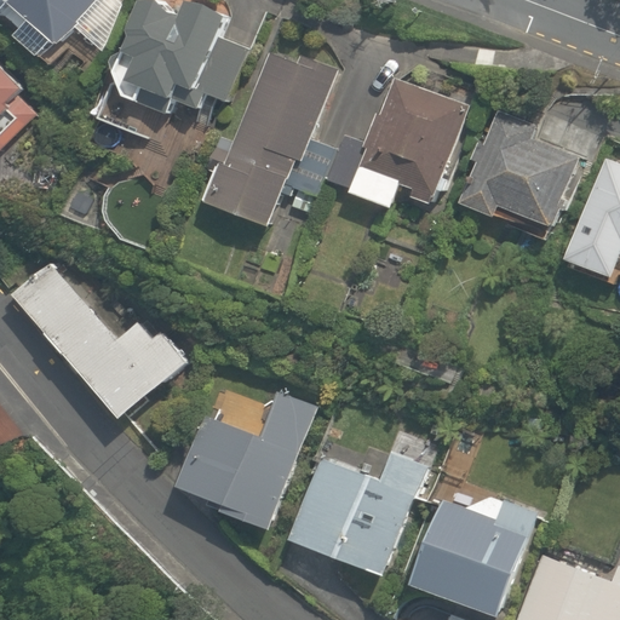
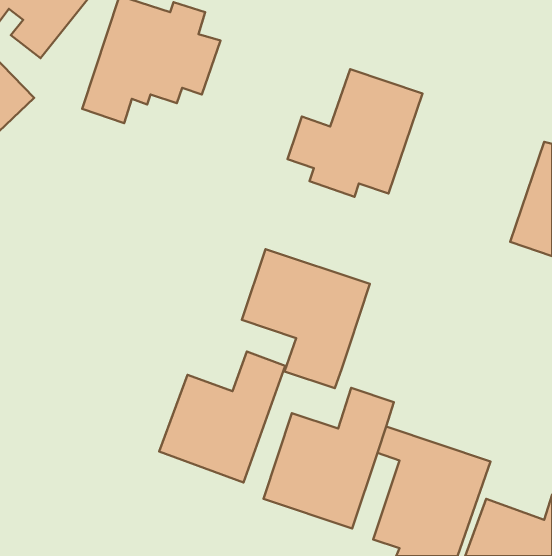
building: [206,40,331,231] -> none
building: [454,105,592,239] -> none
building: [10,257,194,425] -> none
building: none -> [242,249,370,388]

